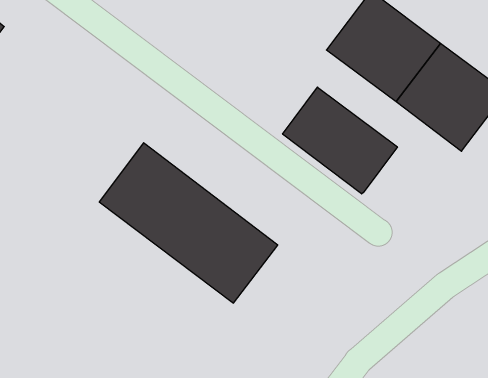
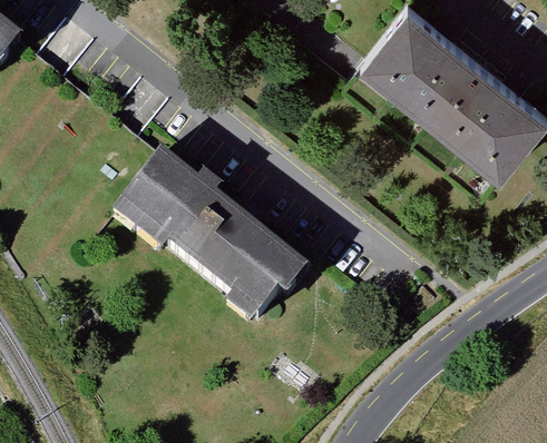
building: [283,87,397,194] -> none

